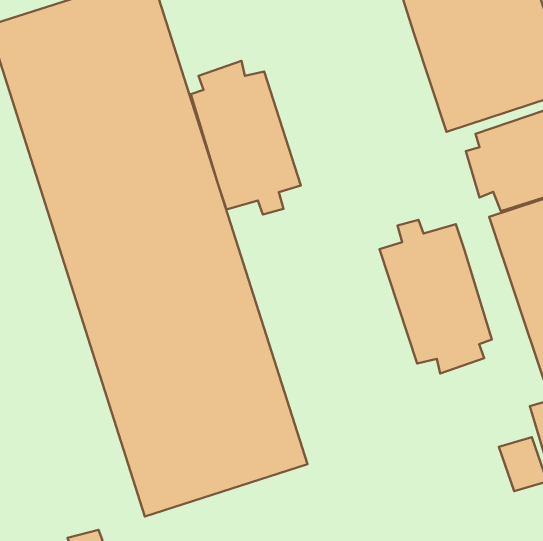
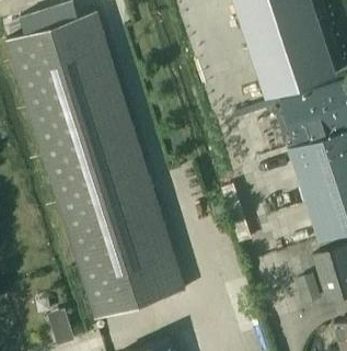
building: [191,61,301,214] -> none
building: [380,220,492,374] -> none

